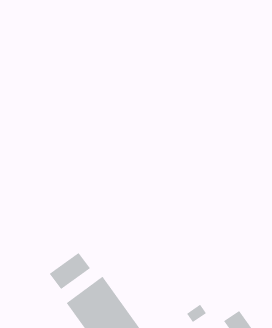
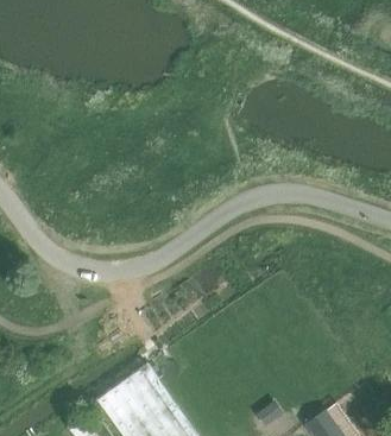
building: [49,252,91,290] -> none

